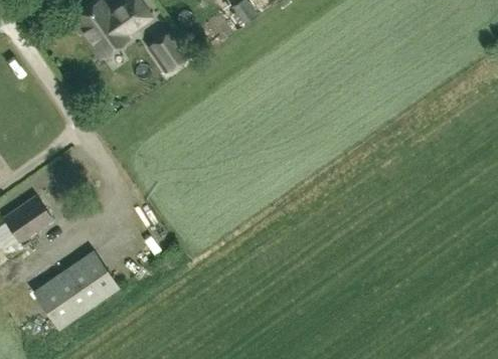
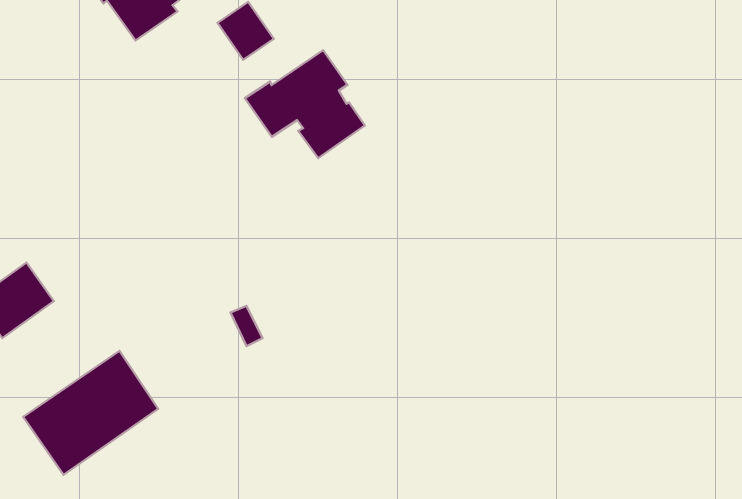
building: none -> [245,50,365,158]

